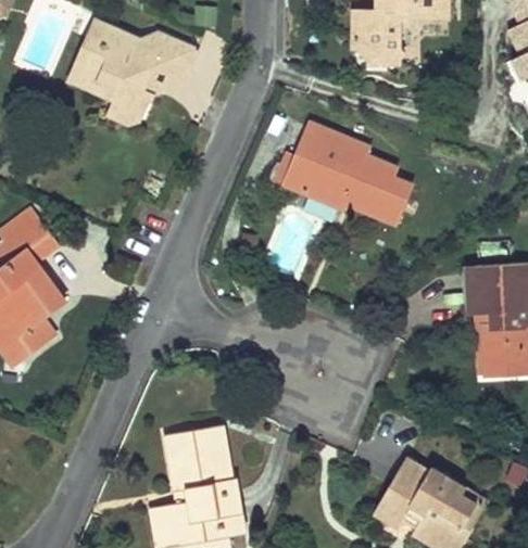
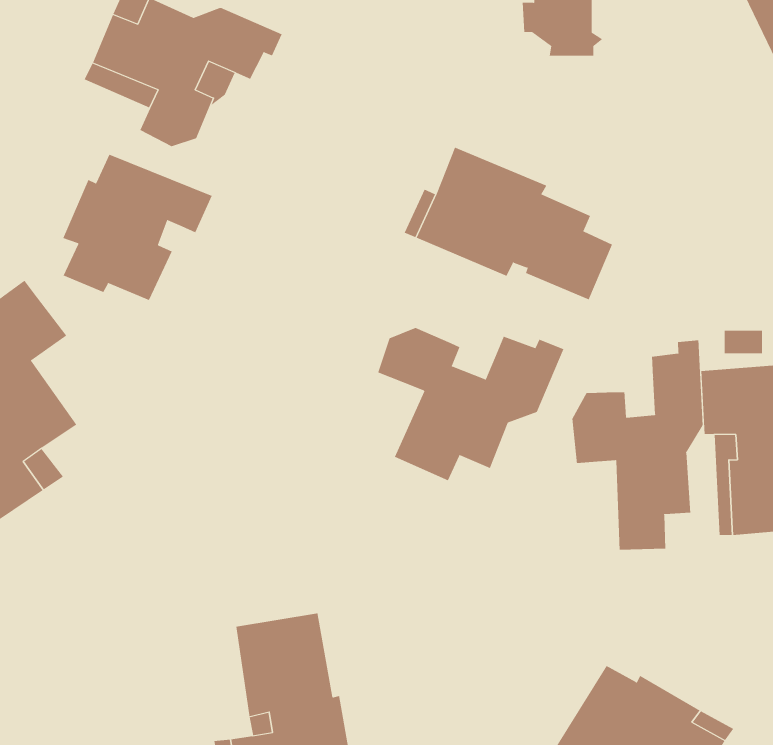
building: none -> [62,154,212,301]
building: none -> [378,327,564,481]
building: none -> [572,340,703,550]

